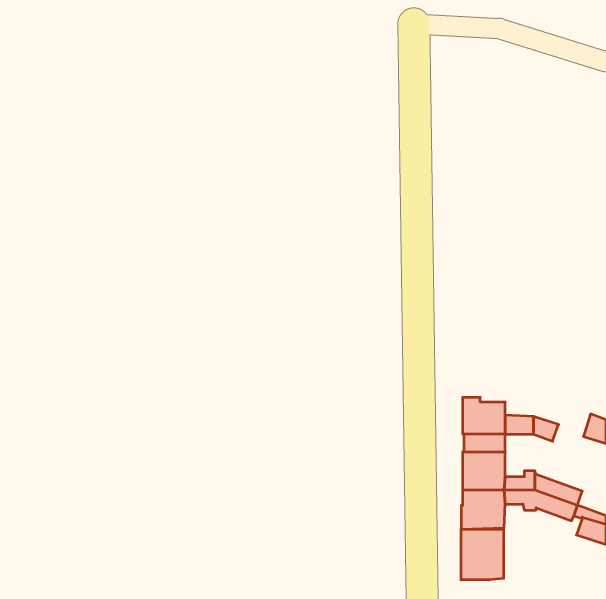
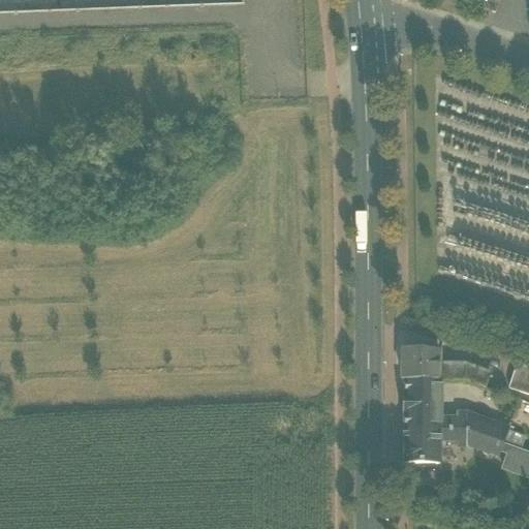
building: [461,529,504,580] -> none

